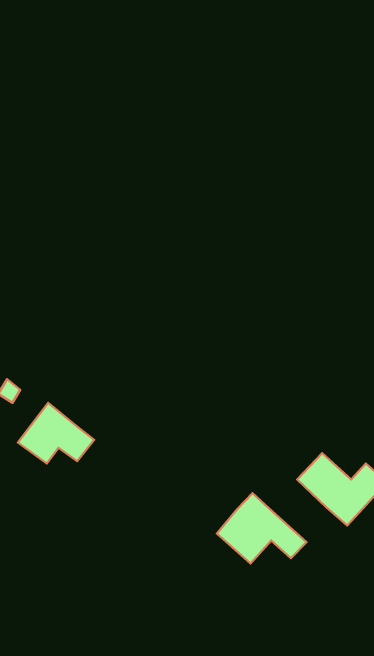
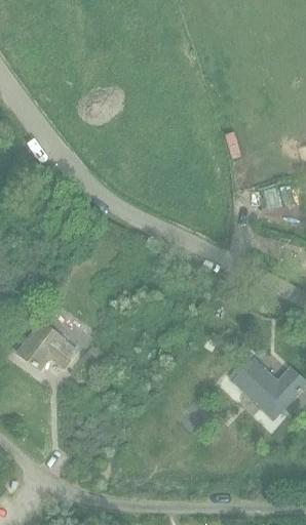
building: [217,493,306,563] -> none

